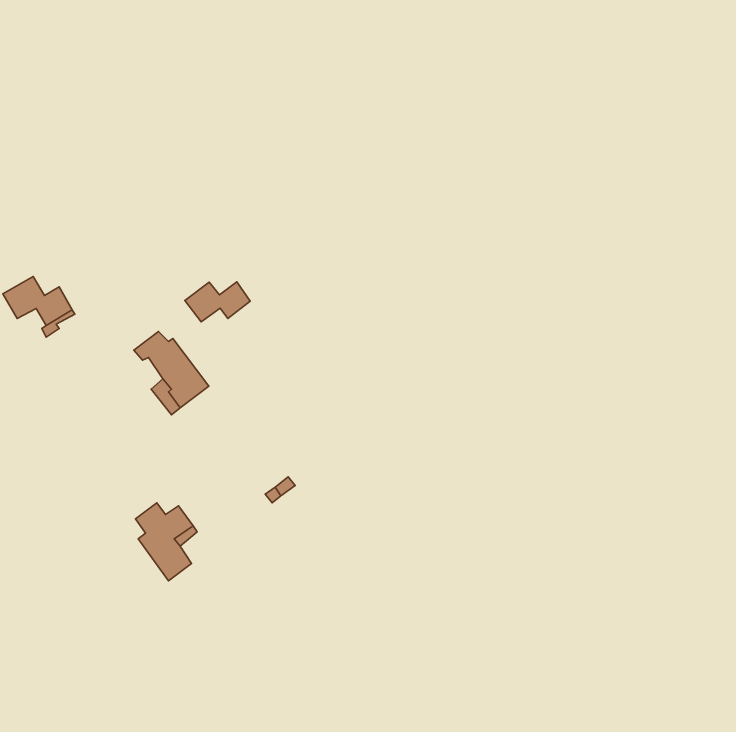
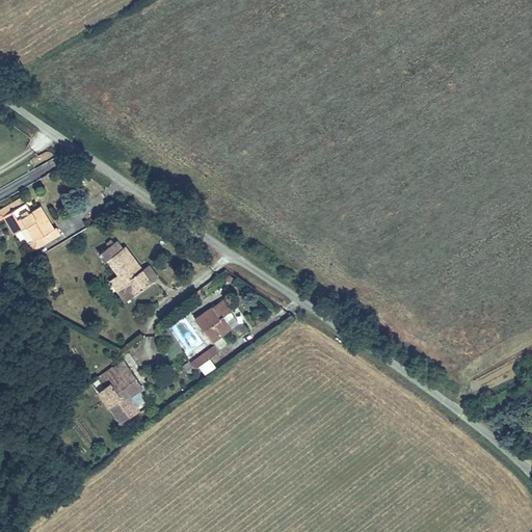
building: [185,282,250,322] -> none
building: none -> [197,309,235,344]

